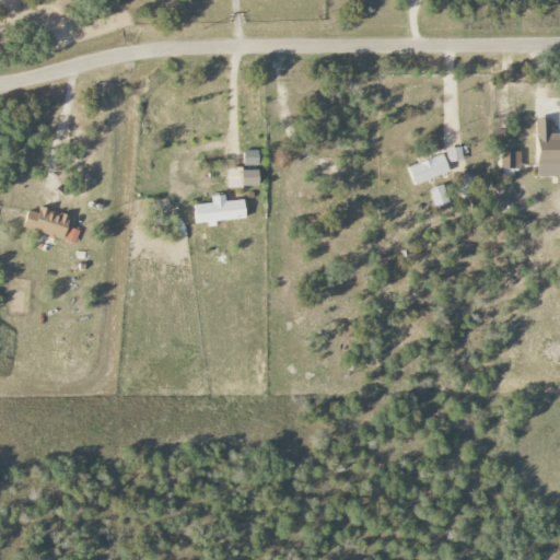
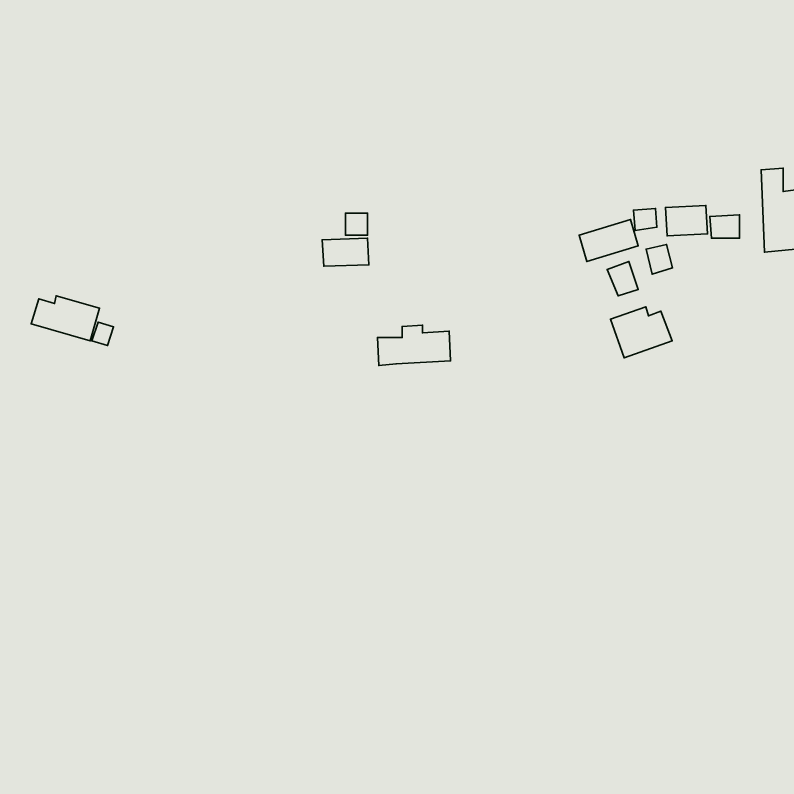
building: none -> [665,205,708,236]
building: [195,195,246,223] -> [377,325,451,366]
building: none -> [611,307,672,358]

